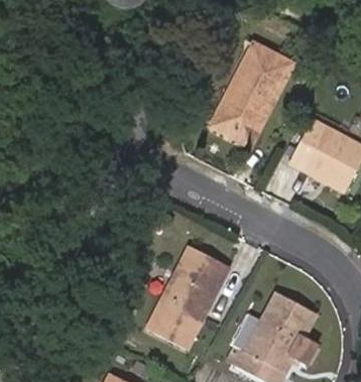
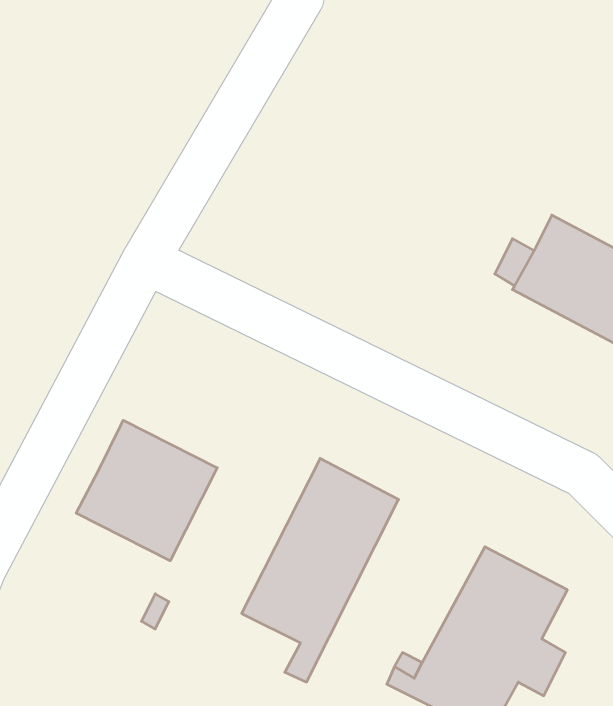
building: [213,34,294,139] -> none
building: none -> [76,420,217,561]

